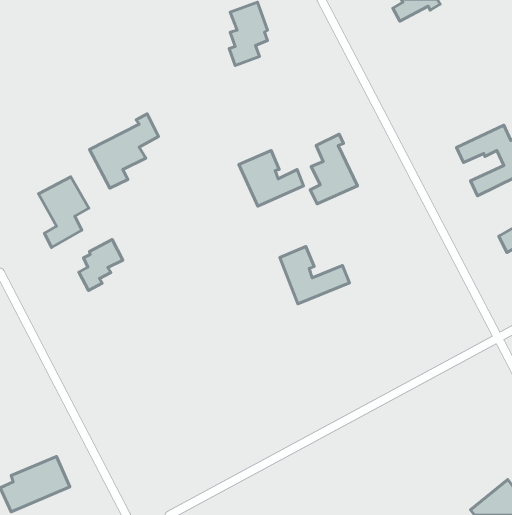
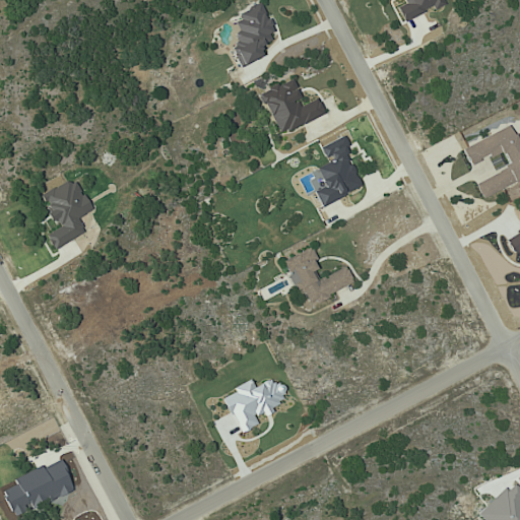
building: [89,114,159,188] -> none
building: [239,150,303,206] -> [261,78,326,134]
building: [79,240,123,290] -> none
building: none -> [225,379,287,433]

